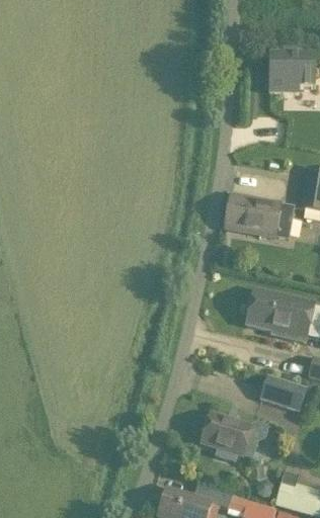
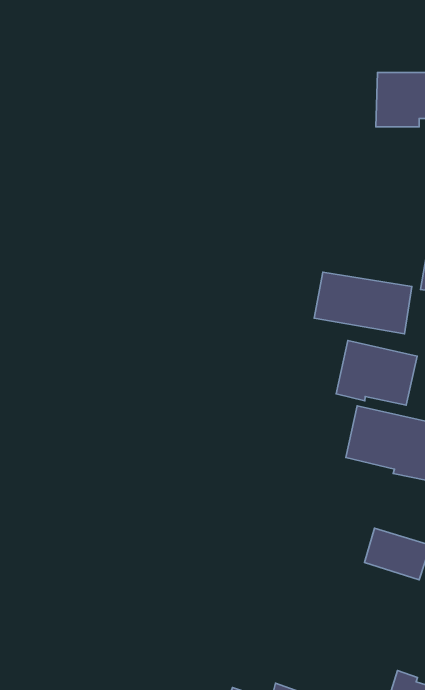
building: none -> [336,340,417,405]
building: [201,412,266,460] -> none

